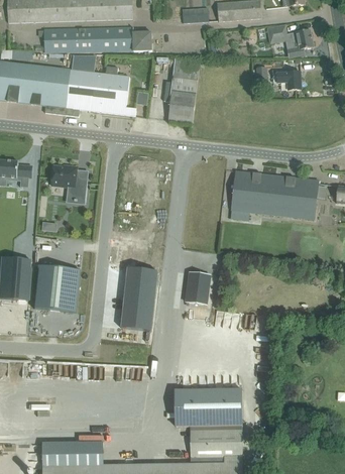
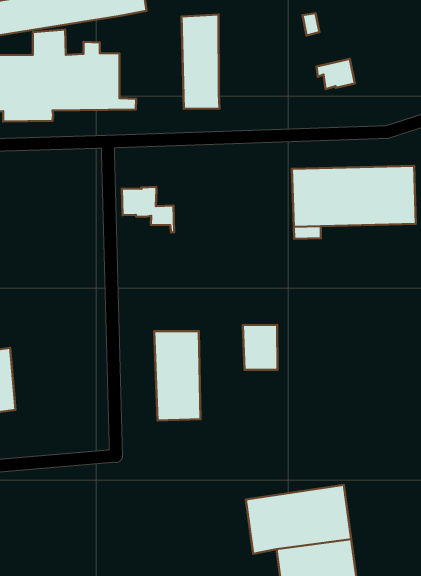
building: [276,71,301,89] -> [317,59,355,89]
building: [51,164,87,199] -> [122,187,174,233]
building: [33,264,80,312] -> none

